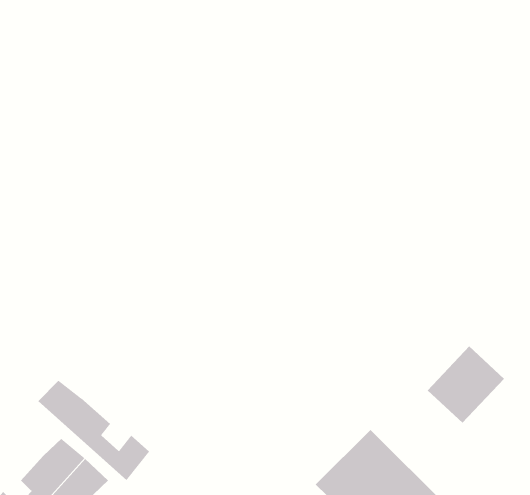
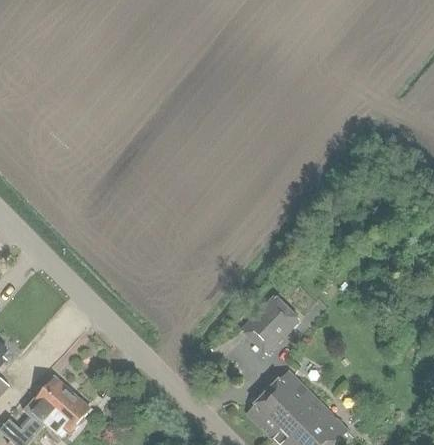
building: [427,346,505,424] -> [242,295,301,354]
building: [38,380,150,481] -> none

